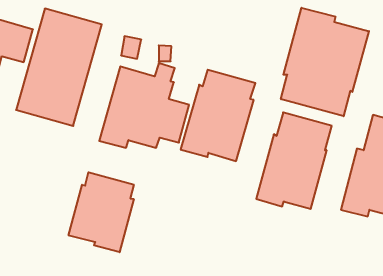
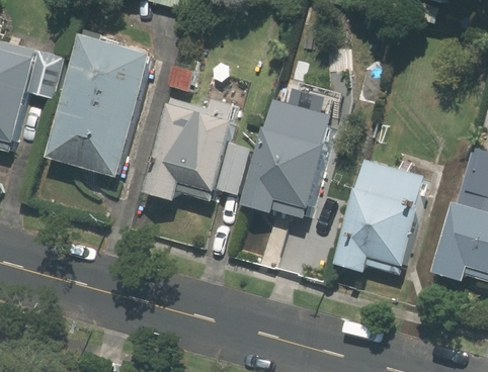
building: [281,8,369,116] -> none
building: [69,172,134,252] -> none

